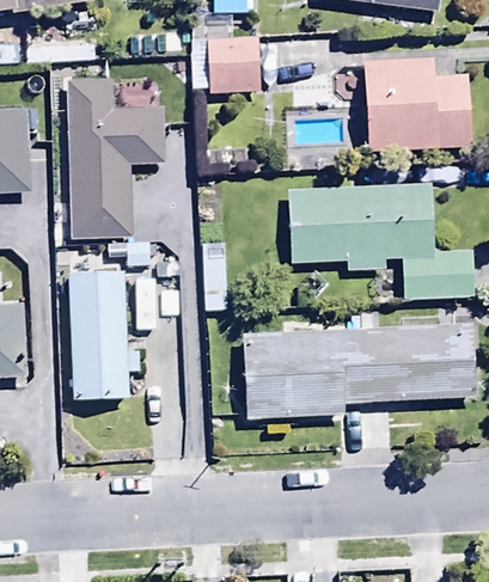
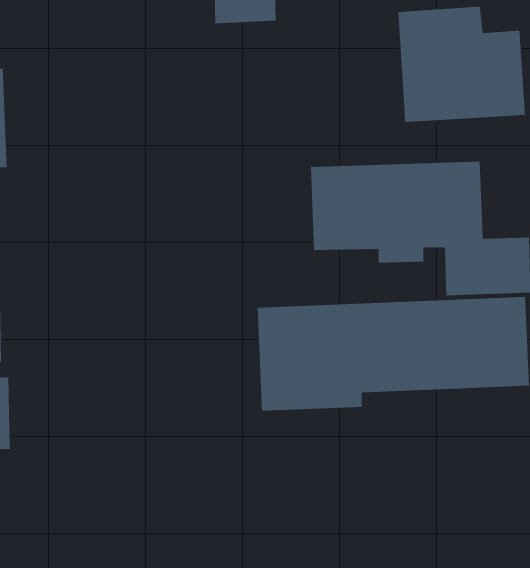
building: [66,81,164,240] -> none
building: [66,249,135,381] -> none

